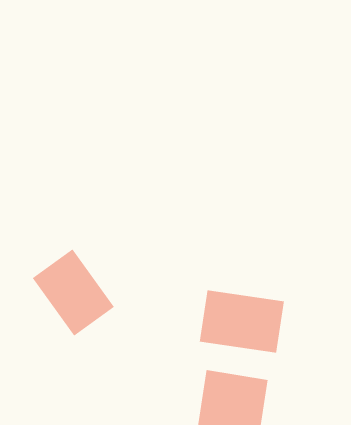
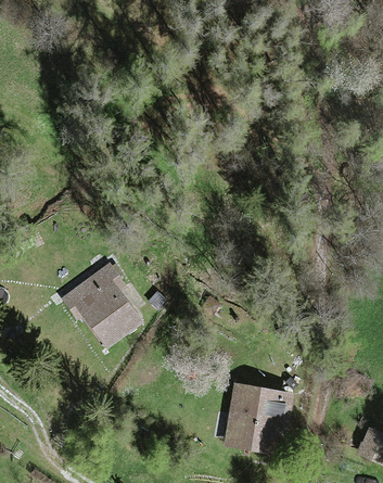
building: [199,290,285,353] -> none

